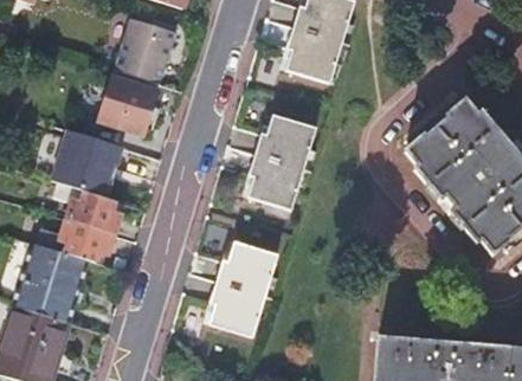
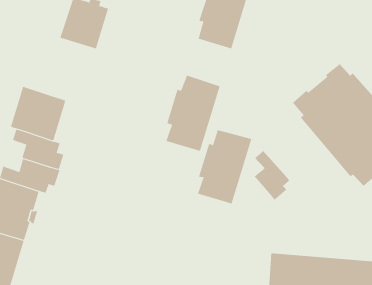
building: [98,75,160,134] -> none
building: none -> [254,150,290,201]
building: [208,240,277,334] -> [197,129,252,204]

